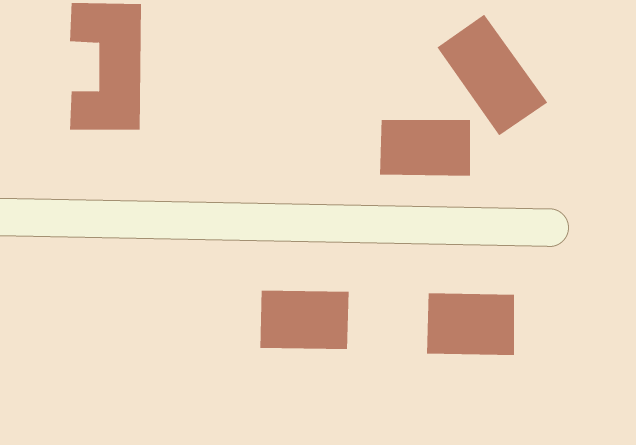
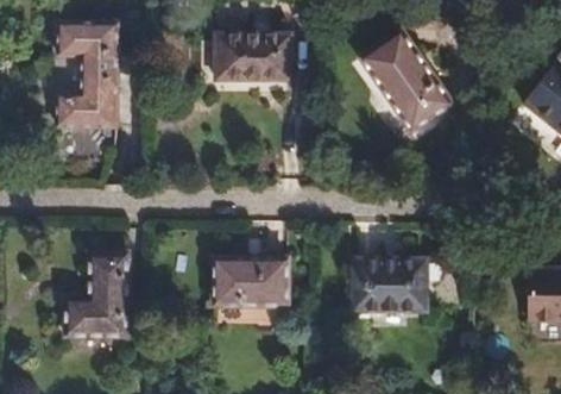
building: [379,120,471,176] -> [215,36,290,82]
building: none -> [67,250,130,336]

